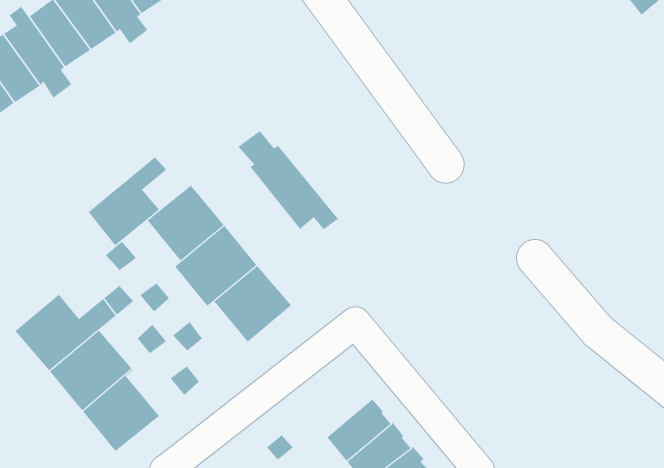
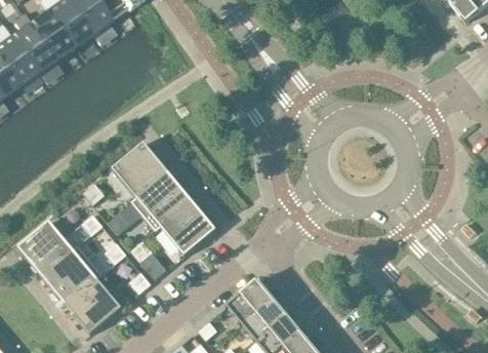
building: [238,130,341,230] -> none
building: [88,157,167,246] -> none
building: none -> [227,278,273,322]

